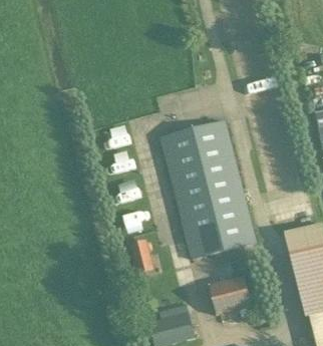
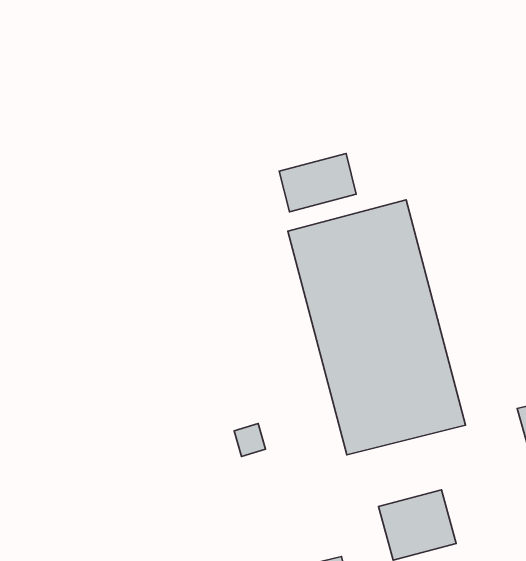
building: none -> [279,154,356,212]

